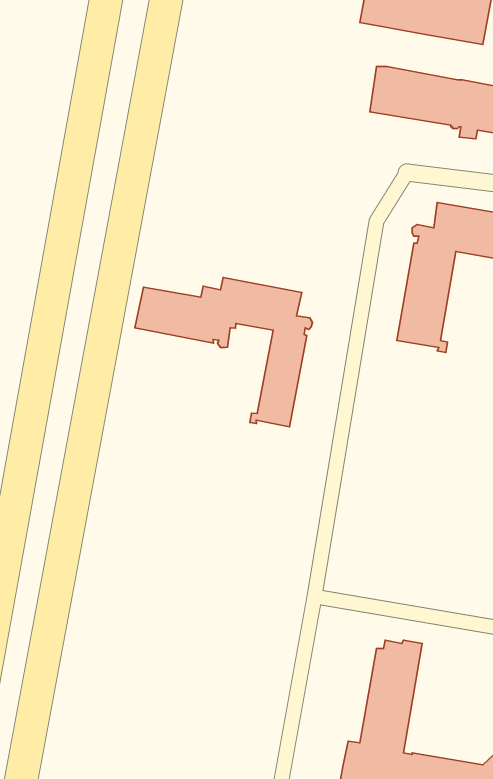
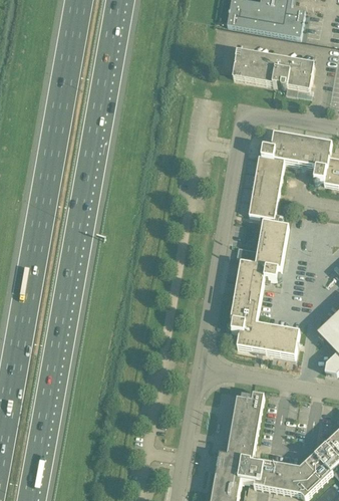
building: [135,277,313,427] -> none
building: none -> [227,219,300,355]

